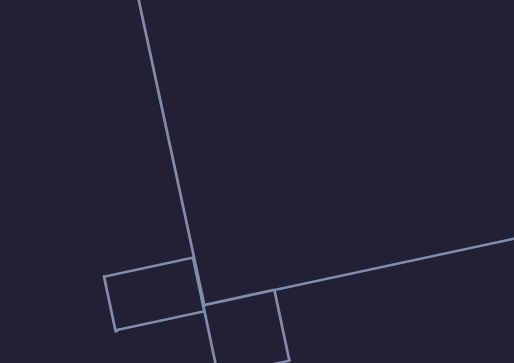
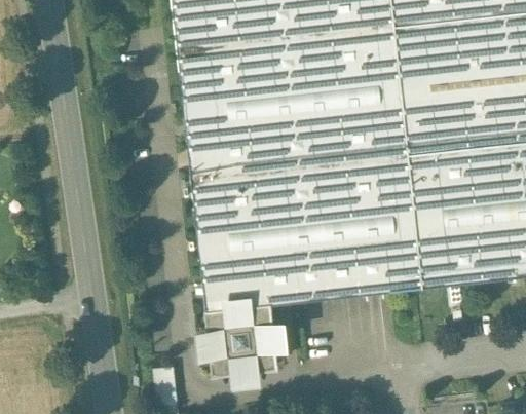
building: [104,257,204,331] -> none

